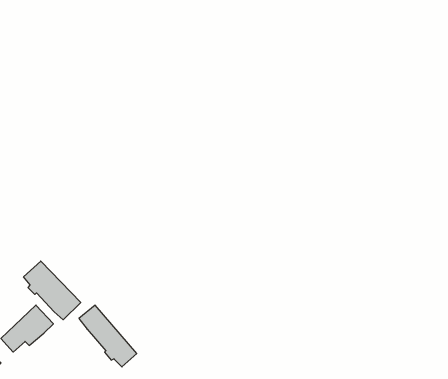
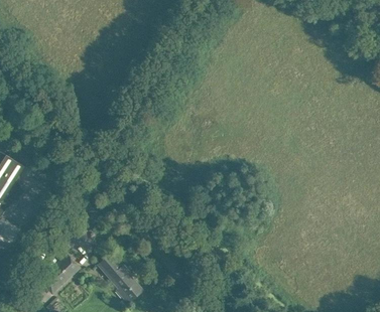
building: [24,261,81,320] -> none

